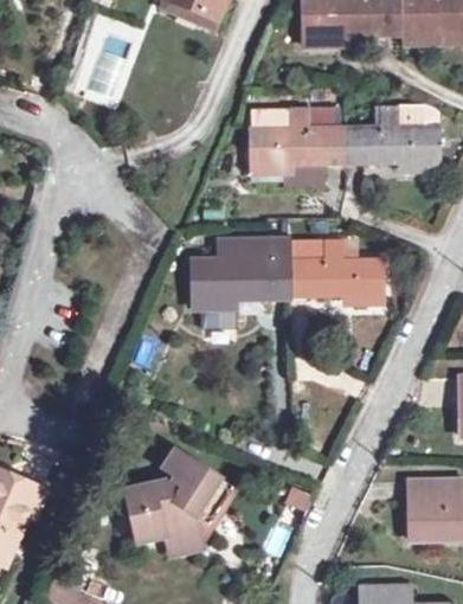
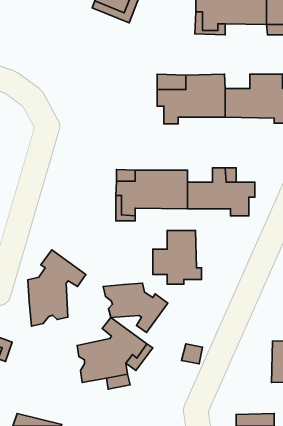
building: none -> [153,231,201,284]
building: none -> [28,250,86,326]
building: none -> [103,283,168,332]

